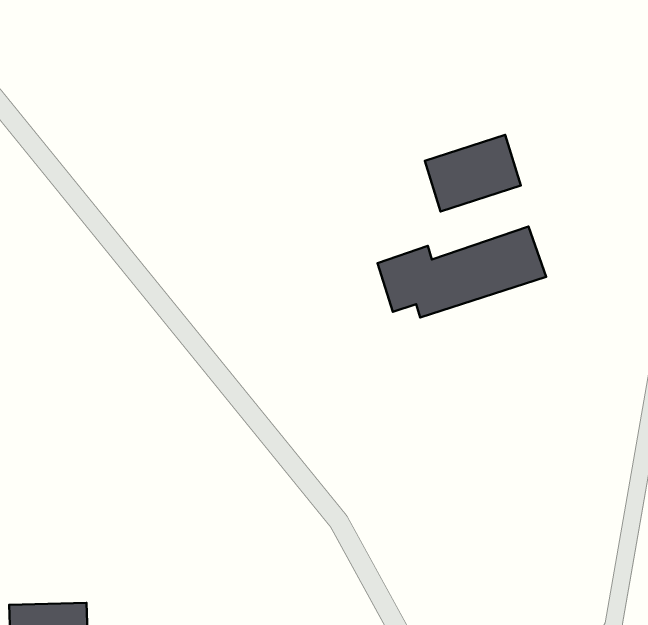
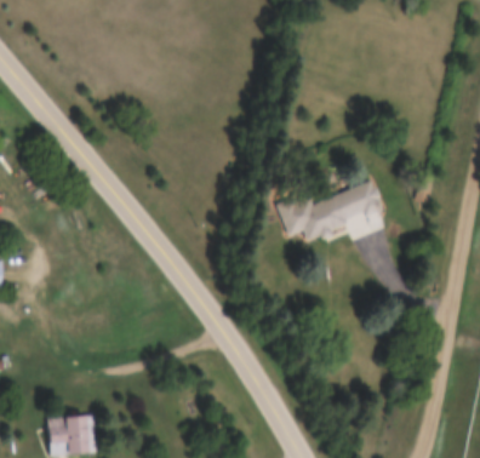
building: [425,135,521,211] -> none

